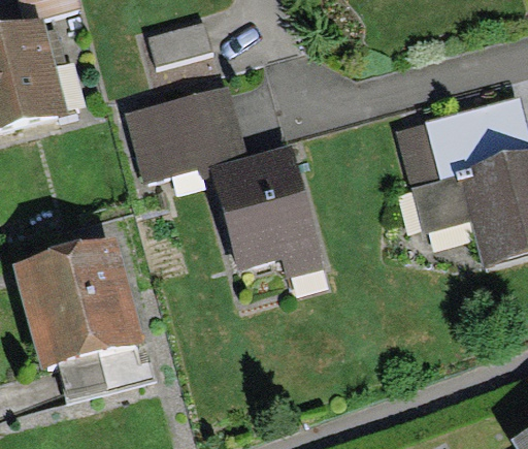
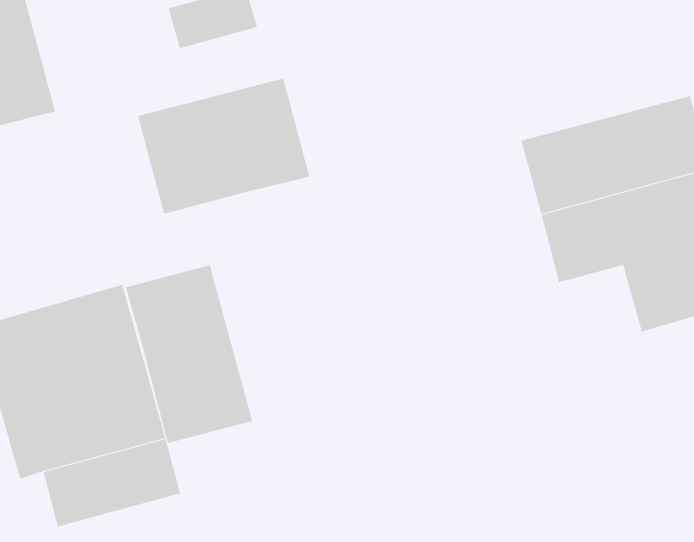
building: [206,143,325,278] -> none
building: none -> [125,264,253,444]

